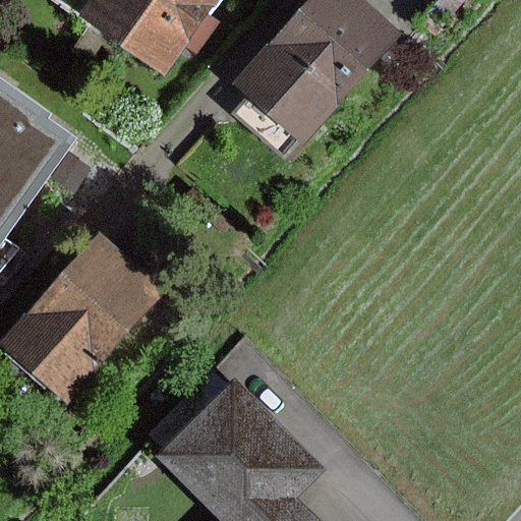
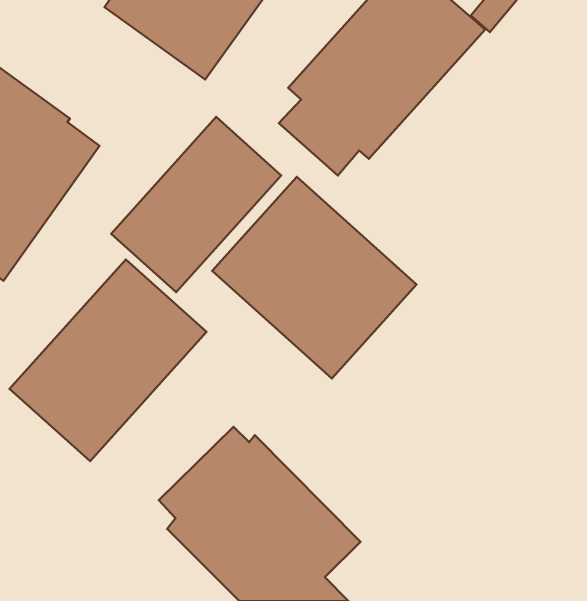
building: none -> [111,117,281,292]
building: none -> [212,177,417,378]

